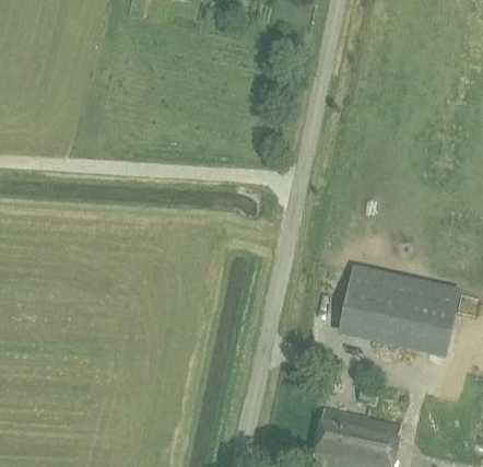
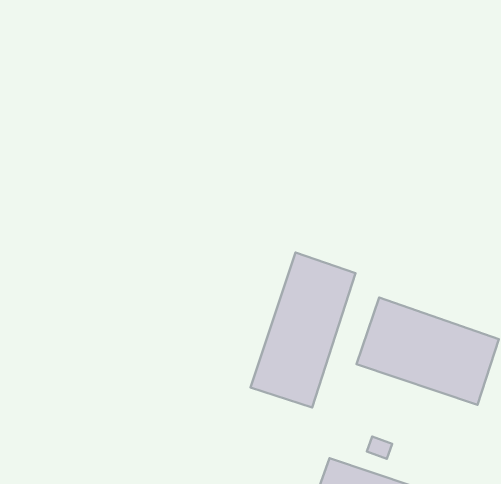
building: none -> [250,253,356,407]

